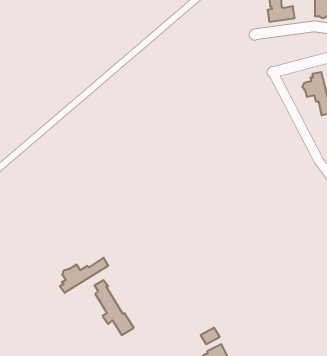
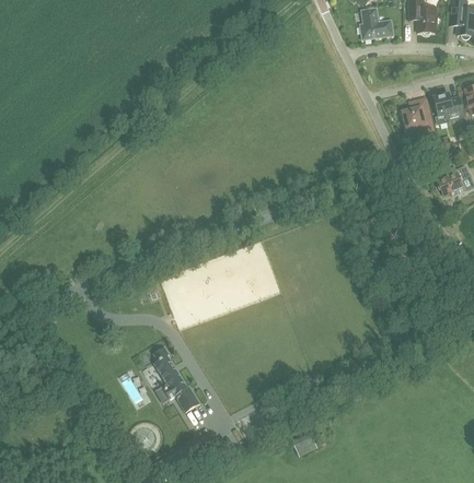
building: [60,258,108,293] -> none

